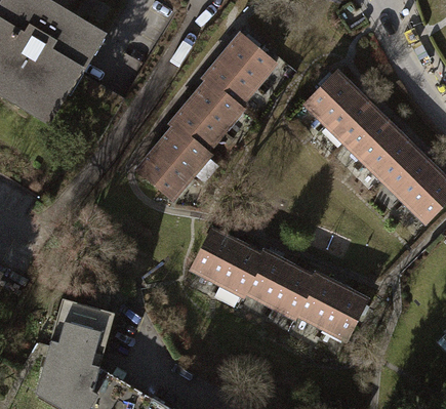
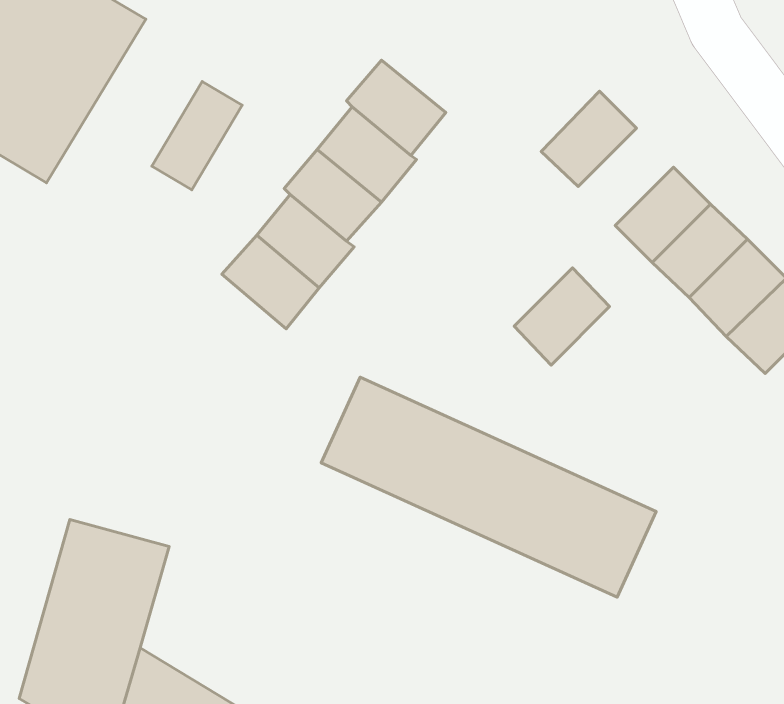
building: [224,35,275,85] -> none
building: none -> [152,81,242,190]
building: [327,93,377,145] -> [514,268,610,365]

